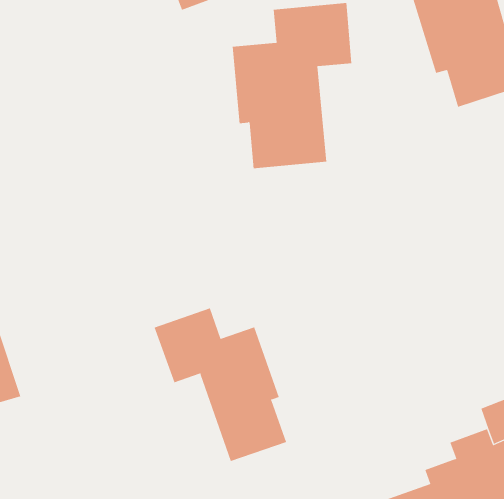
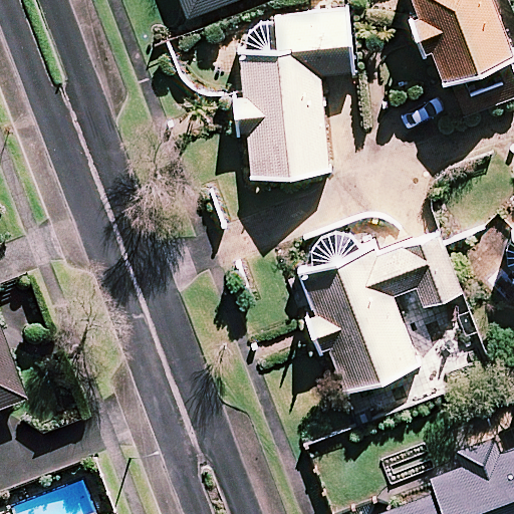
building: none -> [304,231,461,392]
building: [154,308,287,462] -> none

